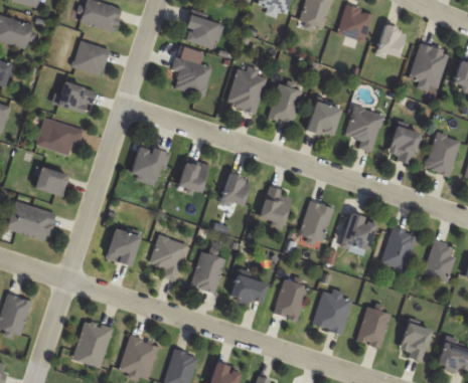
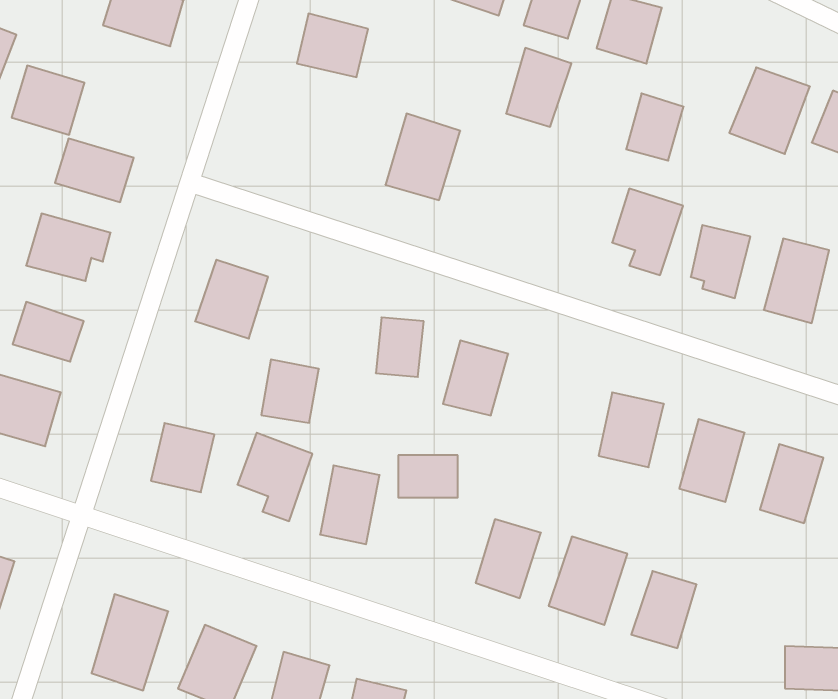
building: [375,24,406,59] -> [626,93,684,161]
building: [72,40,111,76] -> [12,66,85,135]
building: [171,56,212,97] -> none
building: [269,83,303,125] -> [506,48,571,127]
building: [306,102,339,136] -> none
building: [177,159,207,192] -> [261,359,319,423]
building: [300,201,333,241] -> none
building: [231,278,263,301] -> [398,455,458,498]
building: [397,323,430,359] -> none

